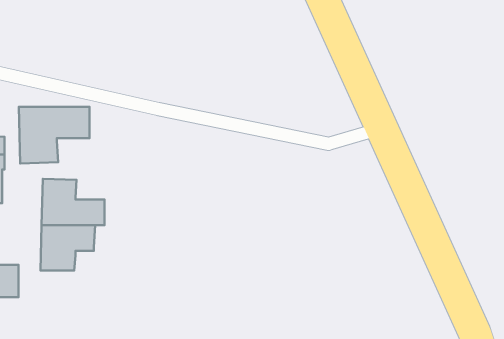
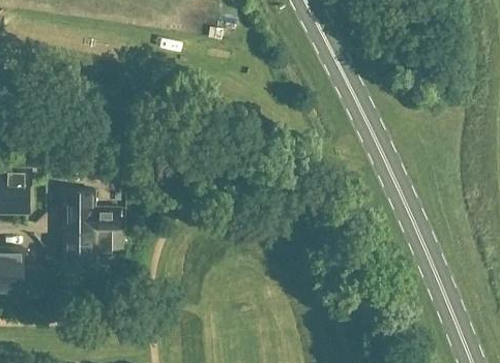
building: [19,107,90,163] -> none

